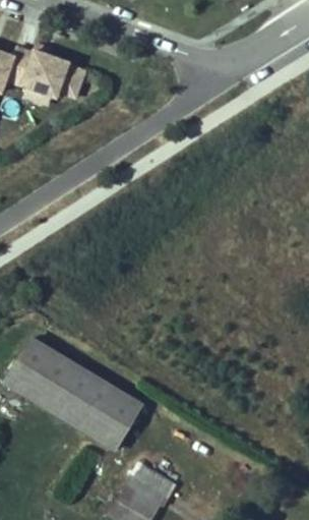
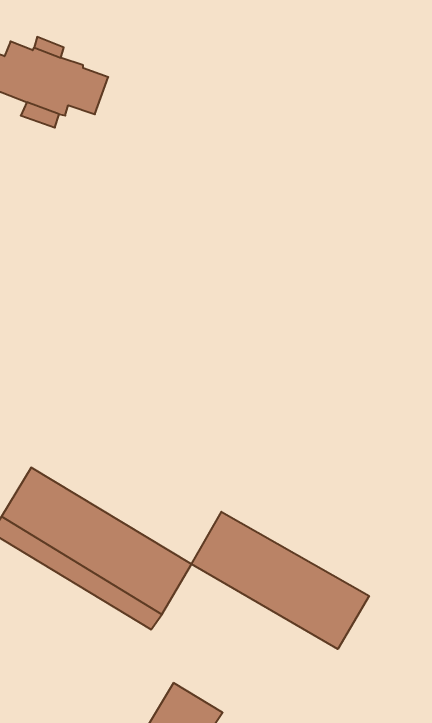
building: none -> [191,512,369,649]
building: [129,465,175,506] -> none

